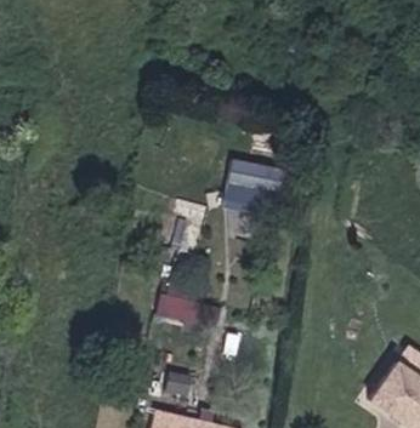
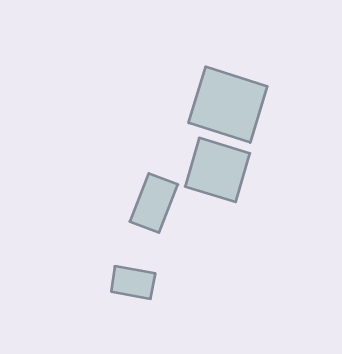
building: none -> [189,67,267,143]

